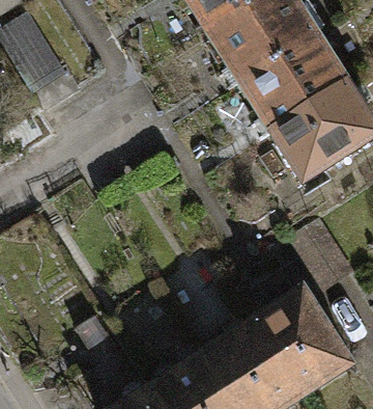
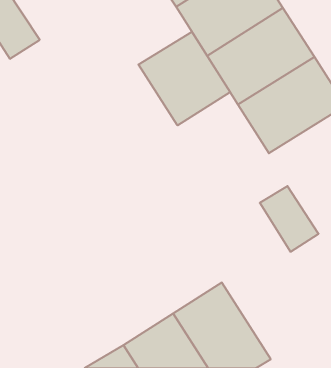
building: none -> [138,32,230,125]
building: [254,287,356,399] -> none

